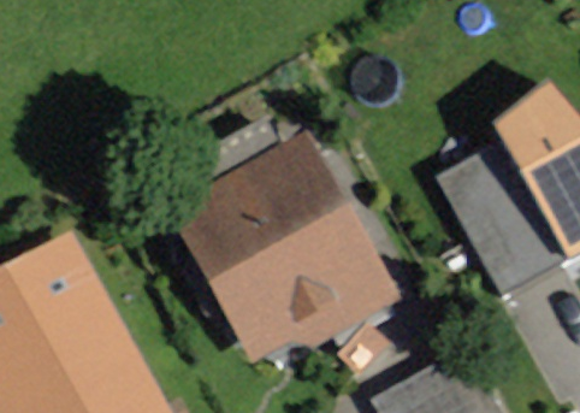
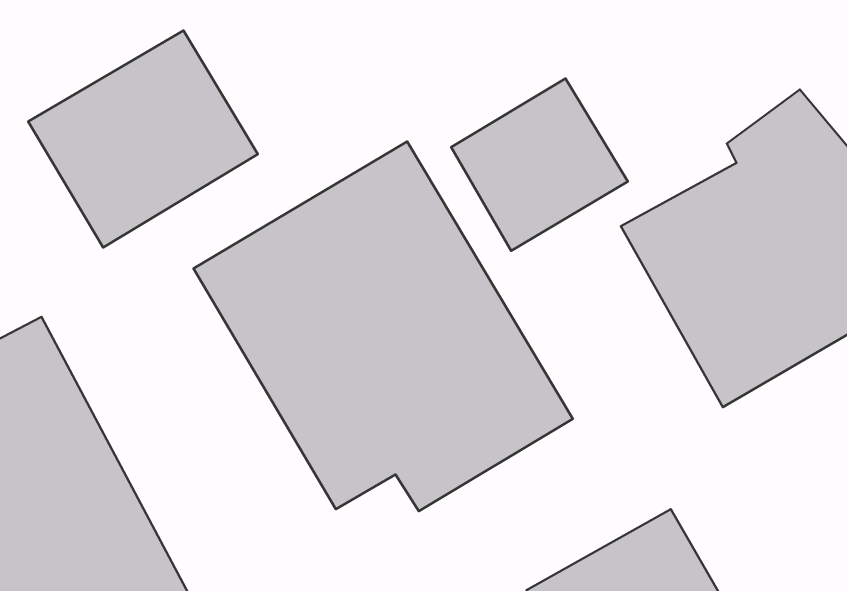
building: none -> [28,31,258,248]
building: none -> [451,78,628,251]

